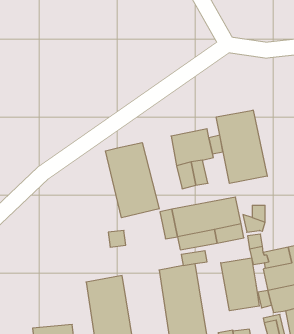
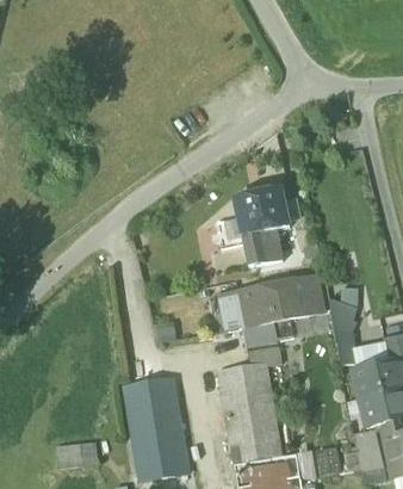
building: [216,110,267,183] -> none
building: [105,143,159,218] -> none
building: [221,258,259,311] -> none

